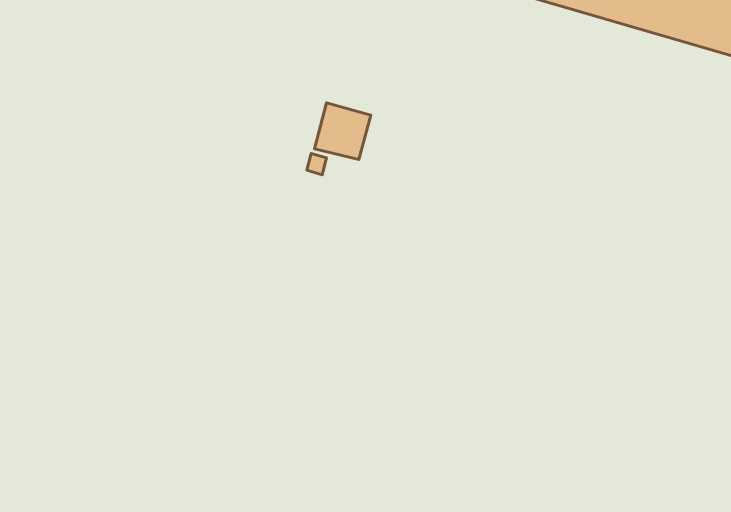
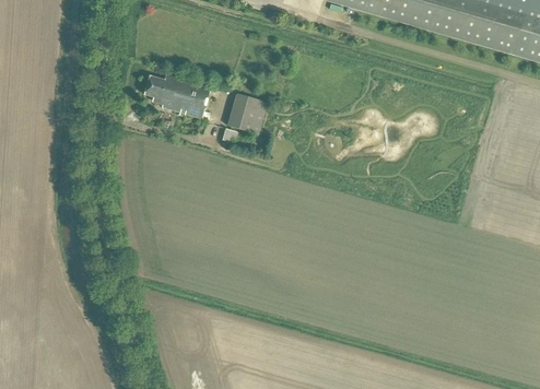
building: none -> [144,71,211,117]

